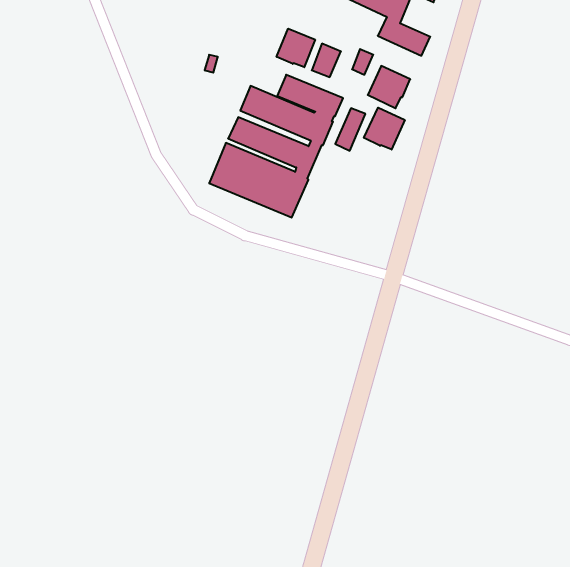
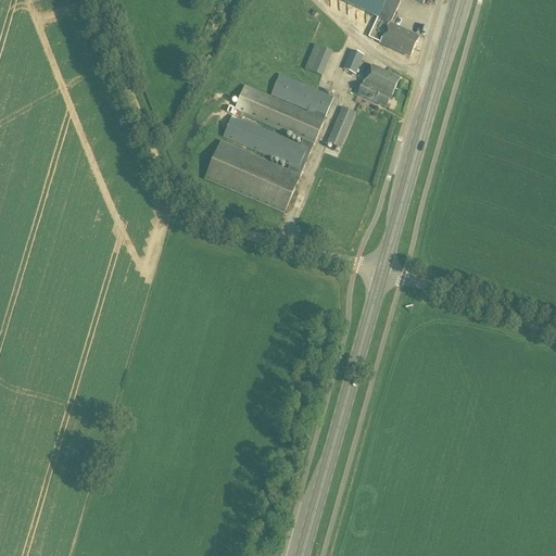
building: [277,29,315,67] -> none
building: [364,108,405,150] -> none

